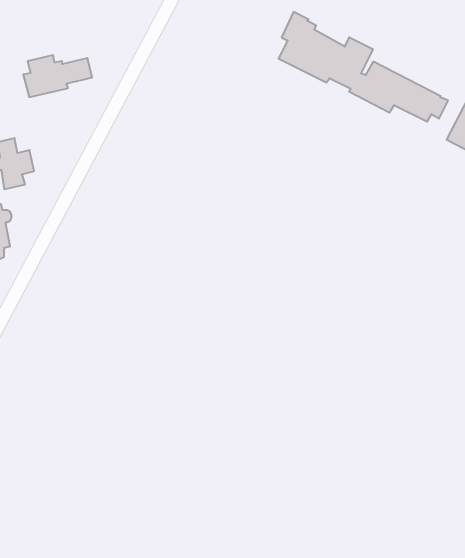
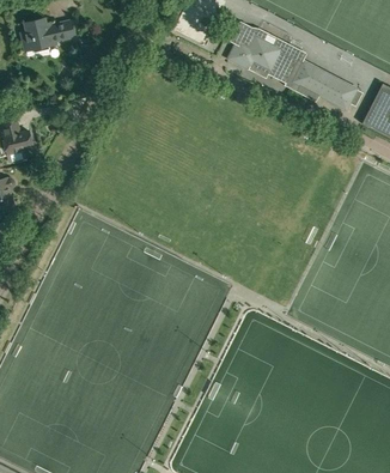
building: [23,55,92,97] -> [20,17,75,50]

